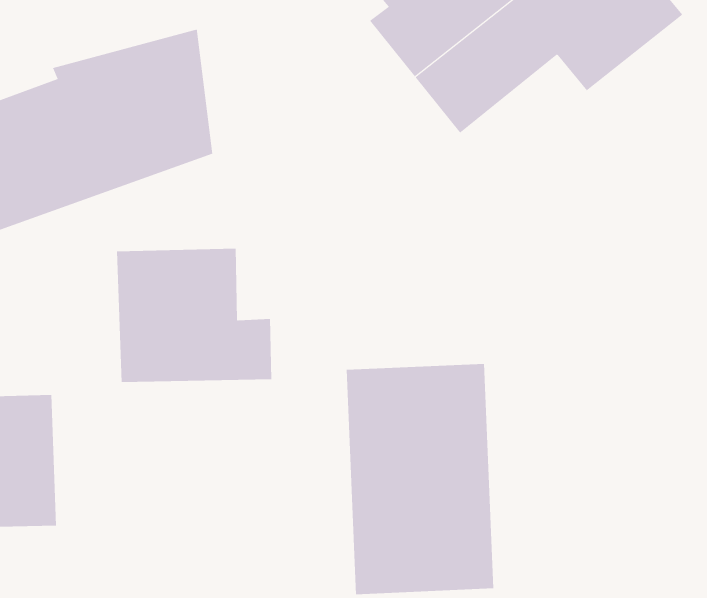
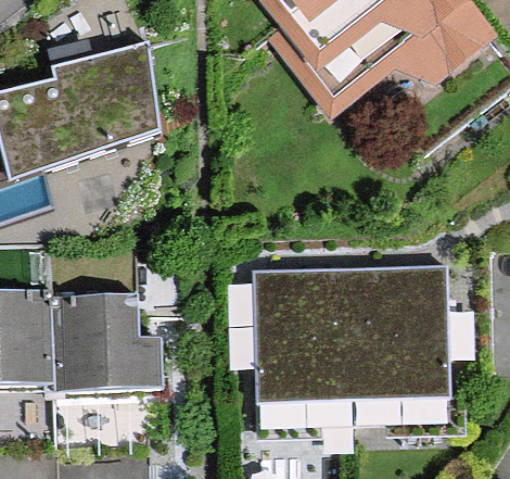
building: [116,248,272,383] -> [50,290,158,383]
building: none -> [350,267,454,427]

